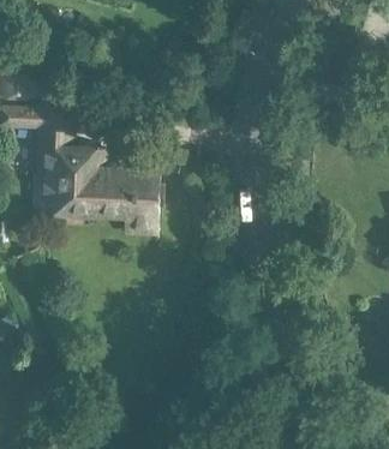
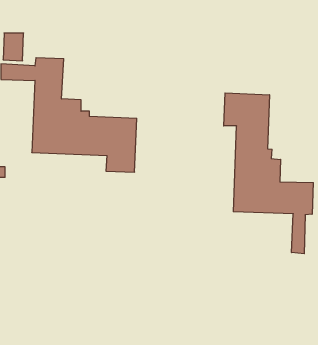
building: none -> [224,93,313,254]

